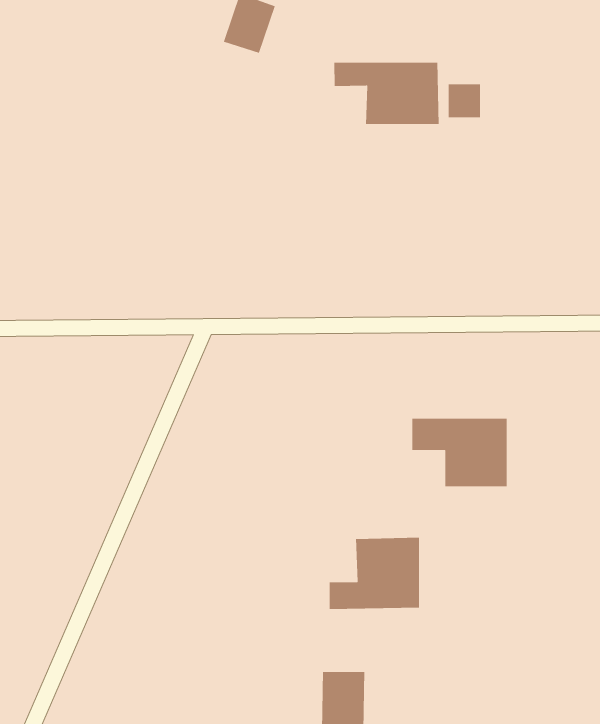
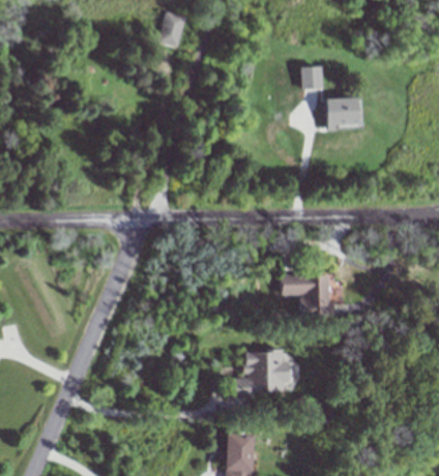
building: [333,62,440,125] -> none
building: none -> [323,98,361,128]

